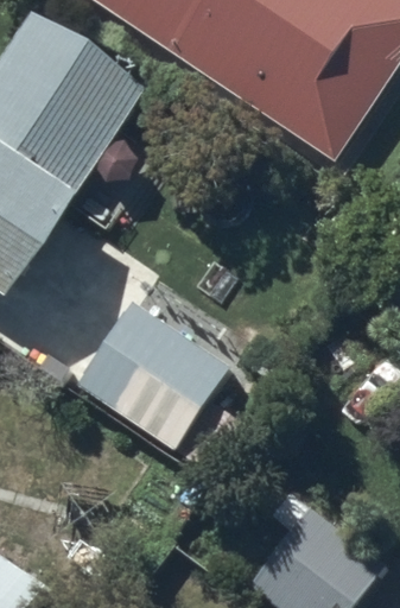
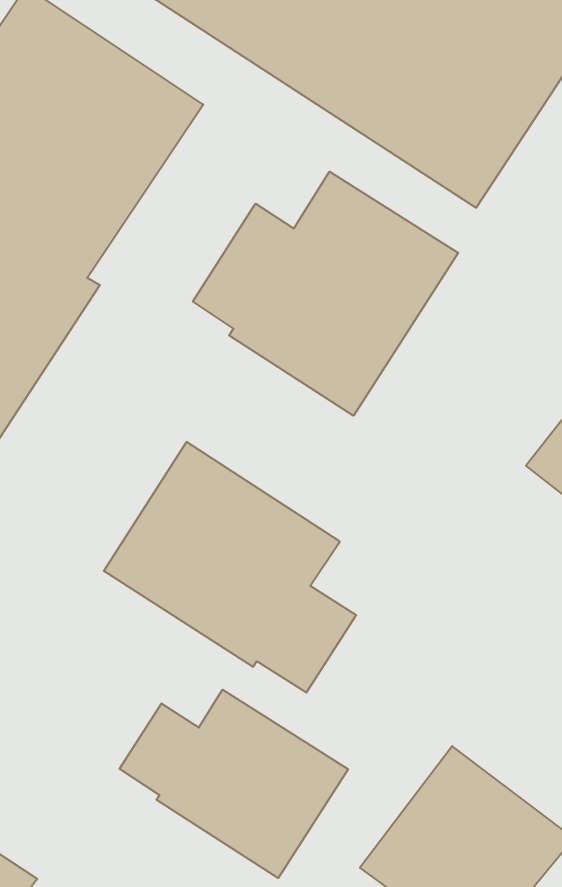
building: none -> [193,172,458,416]
building: none -> [120,690,348,878]

